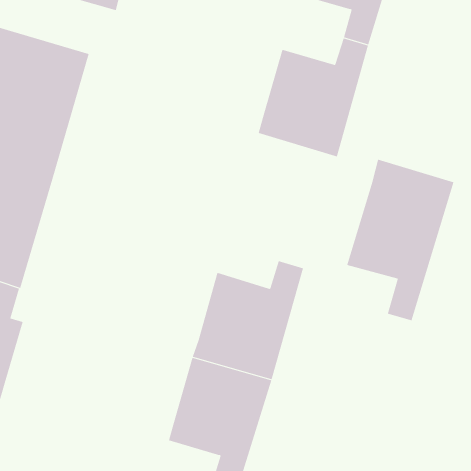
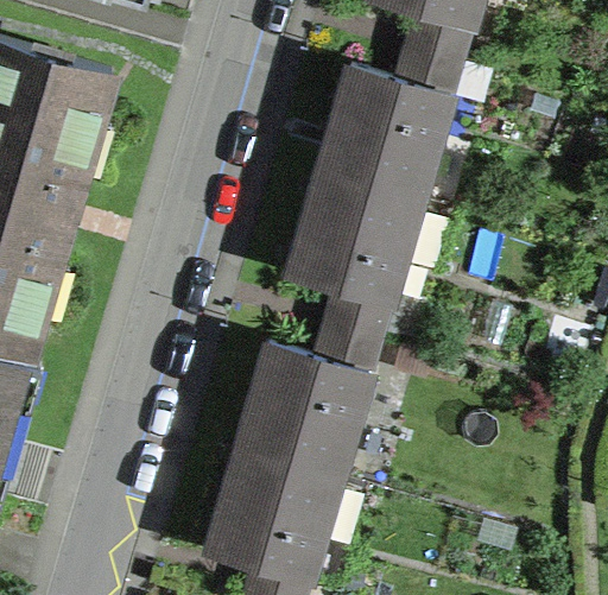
building: none -> [291,171,420,338]
building: [346,159,454,321] -> none

